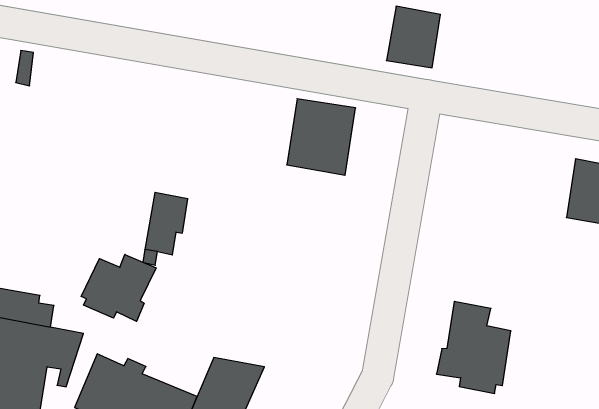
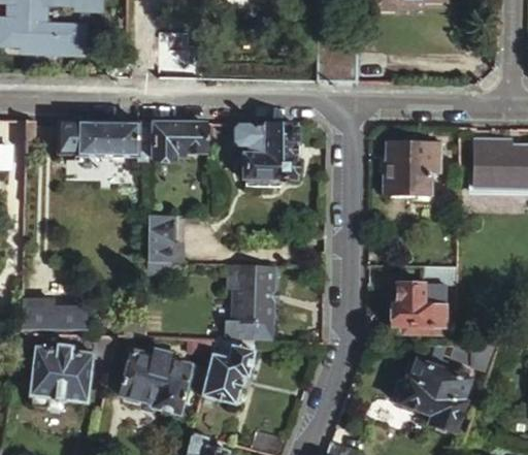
building: none -> [57,121,140,154]
building: none -> [151,122,205,157]
building: none -> [382,140,444,193]
building: [81,254,156,321] -> none
building: none -> [228,263,278,321]

